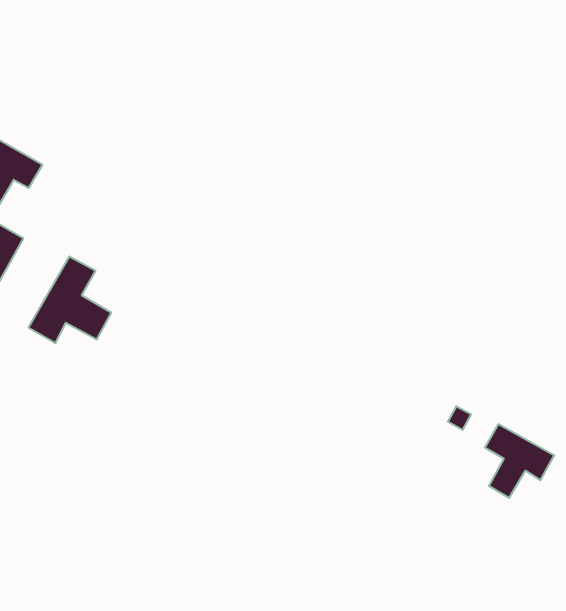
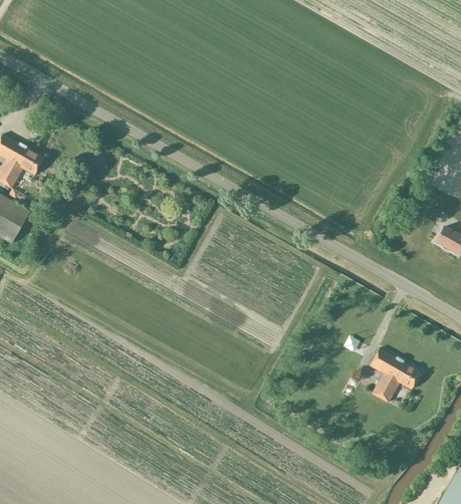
building: [29,256,111,343] -> none

